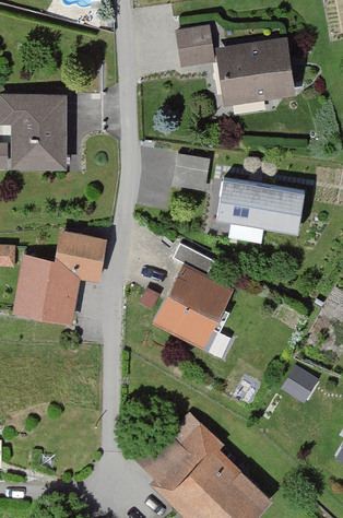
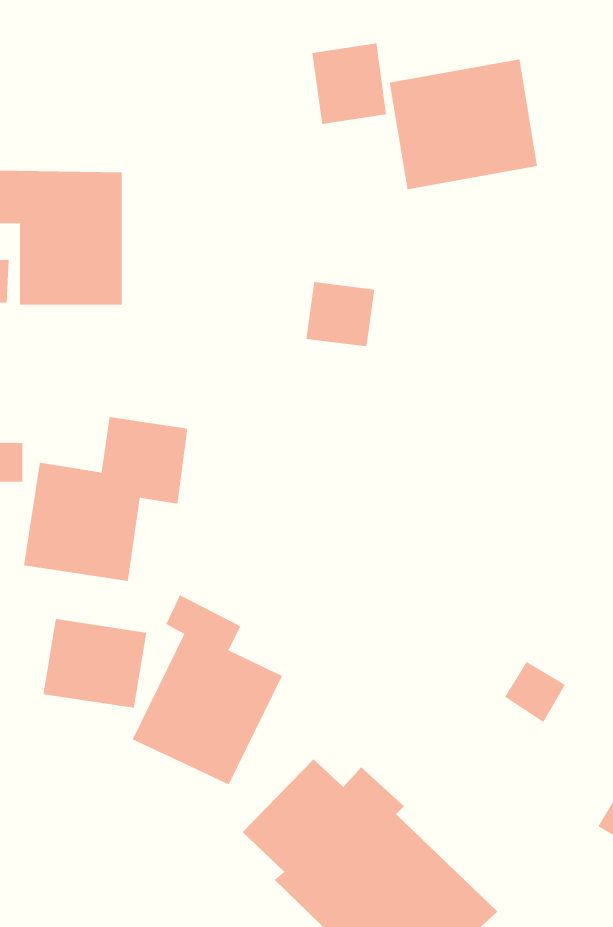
building: [215,179,298,231] -> none
building: [152,245,235,350] -> [132,594,283,785]
building: none -> [43,618,147,709]

